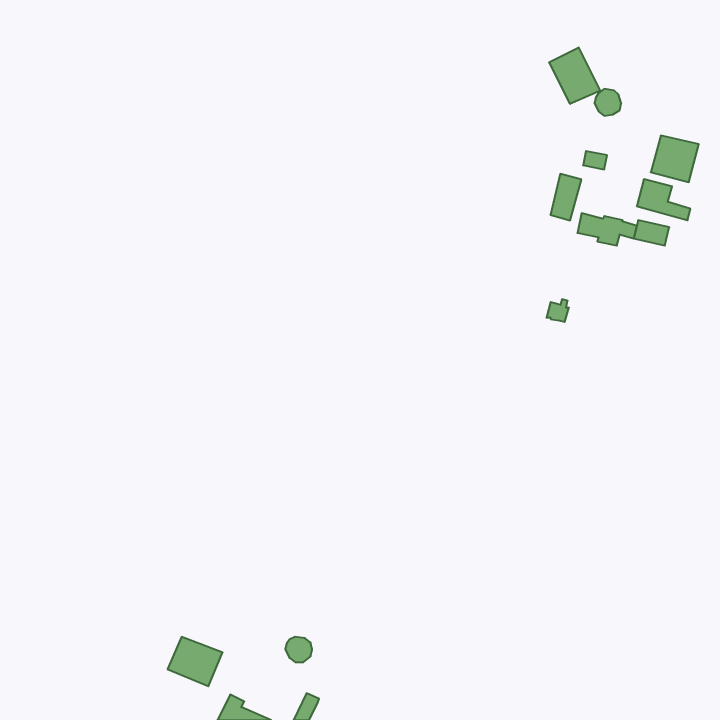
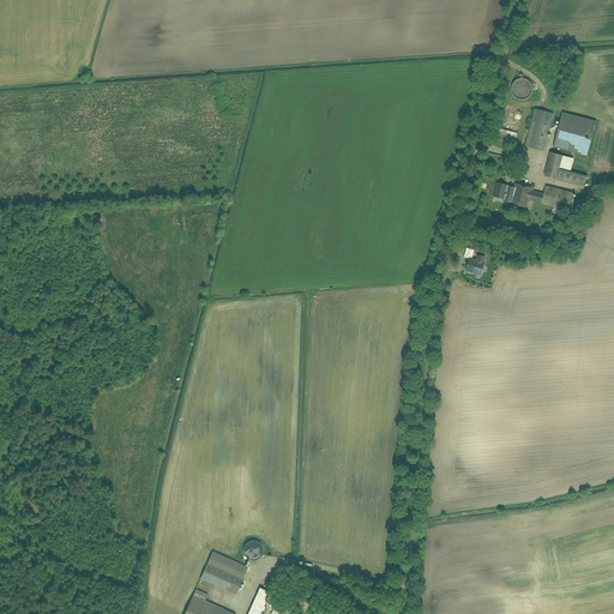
building: [549,47,600,104] -> none
building: [550,174,581,220] -> [526,109,553,149]
building: [168,637,223,686] -> [201,552,248,594]

